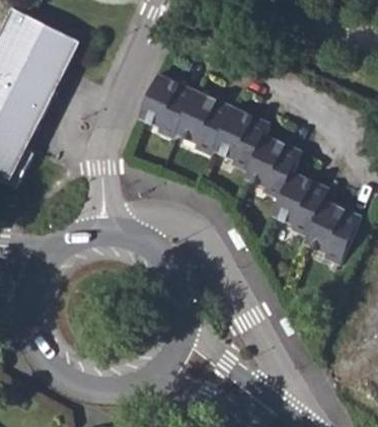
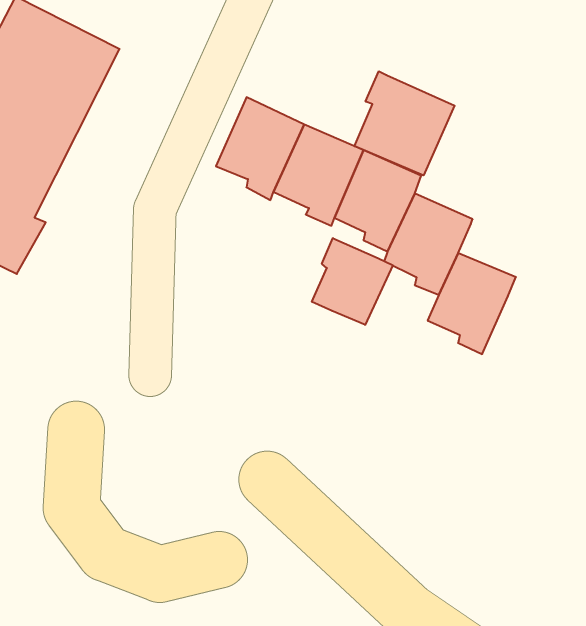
building: none -> [354,71,455,175]
building: none -> [312,238,393,325]
building: [305,199,362,263] -> none

